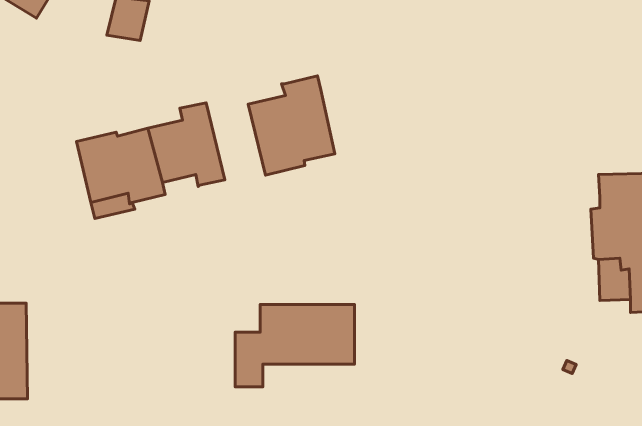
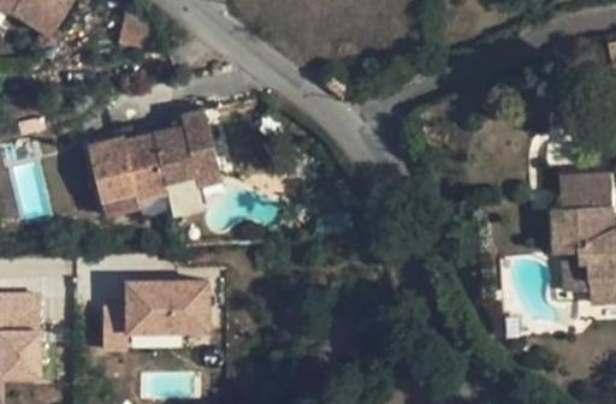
building: [248,76,335,175] -> none
building: none -> [164,176,202,216]
building: [235,304,354,387] -> [103,279,212,354]

